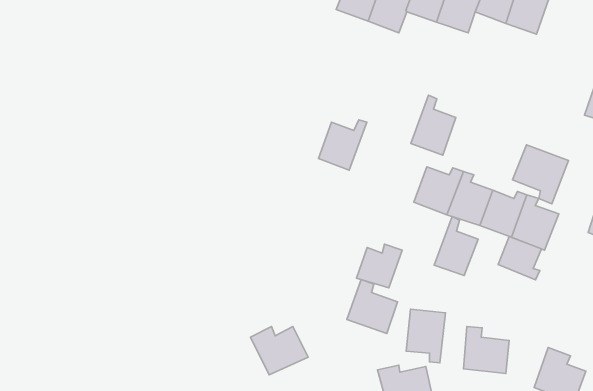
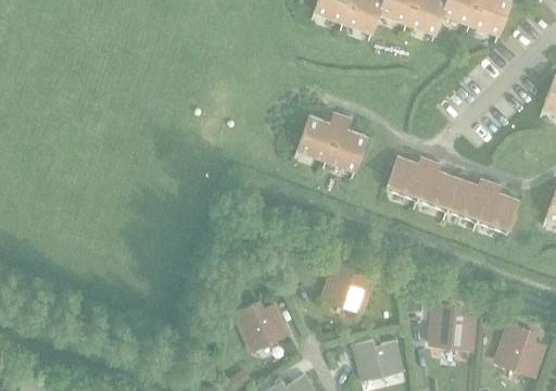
building: [411,95,456,155] -> [326,115,367,171]
building: [513,145,569,204] -> none
building: [434,217,478,275] -> none
building: [498,236,542,280] -> none
building: [356,244,402,288] -> none
building: [406,309,445,363] -> none

